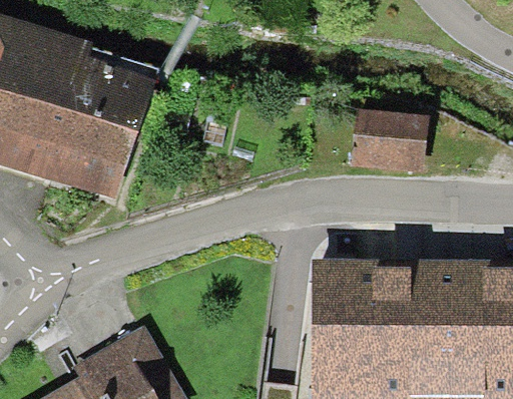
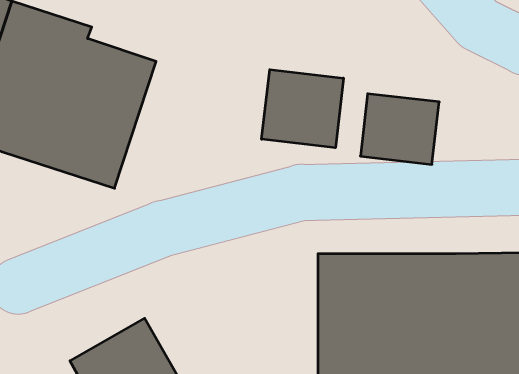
building: none -> [262,70,343,148]

